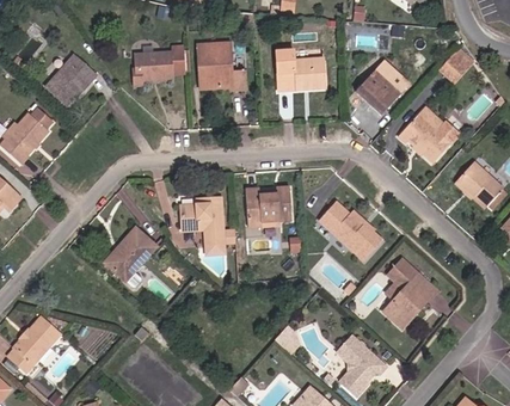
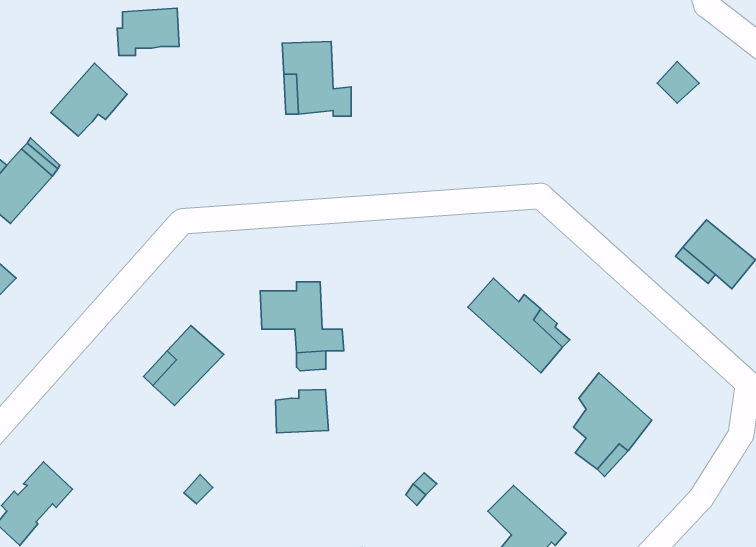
building: [276,48,324,88] -> none
building: [131,55,172,86] -> [117,8,179,56]
building: [356,68,403,115] -> none
building: [399,117,460,164] -> none
building: [245,187,291,227] -> none
building: none -> [275,389,329,433]

